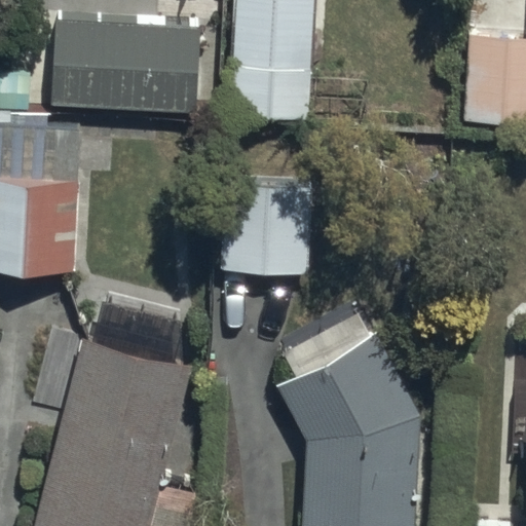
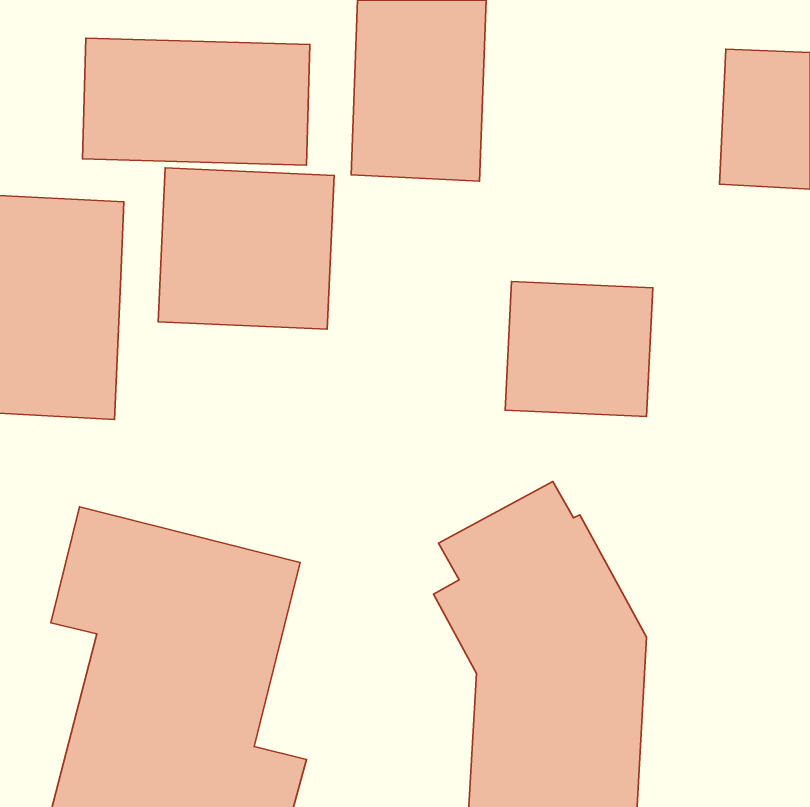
building: none -> [158,168,334,329]
building: [221,187,316,274] -> [505,281,653,417]

